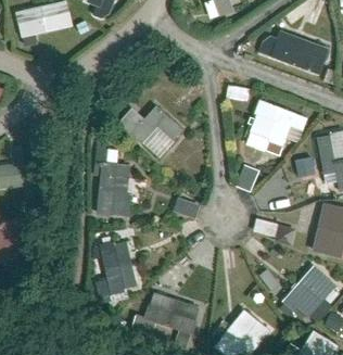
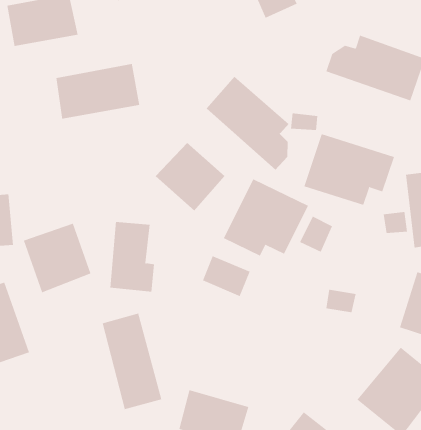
building: none -> [56,63,140,120]
building: none -> [206,76,289,171]
building: none -> [223,179,309,257]
building: none -> [23,223,91,293]

